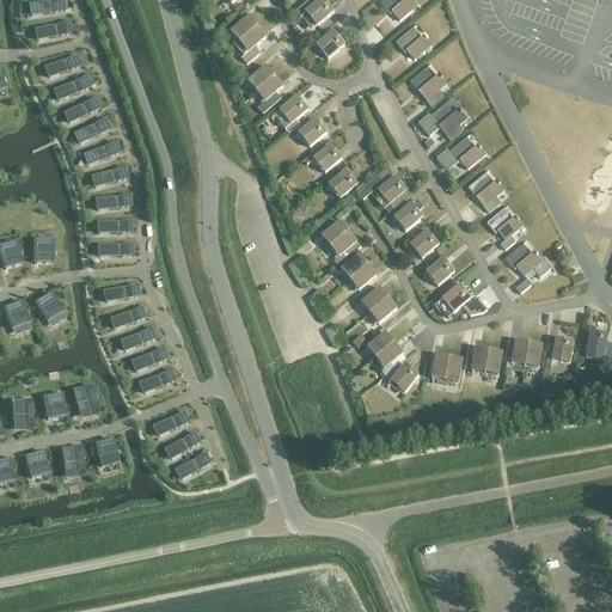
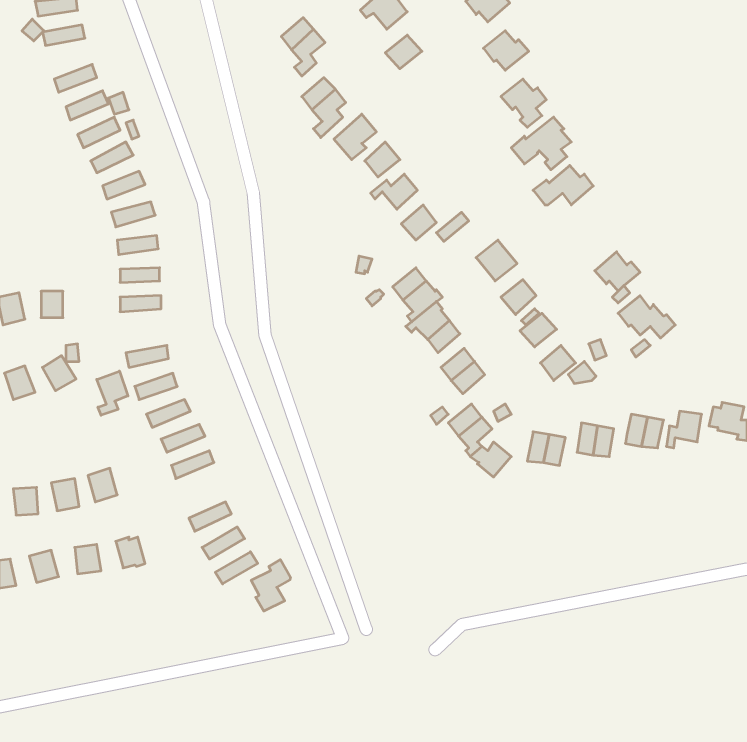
building: [466,171,503,210] -> none
building: [377,175,409,207] -> none
building: none -> [97,371,128,415]
building: none -> [251,560,290,611]

